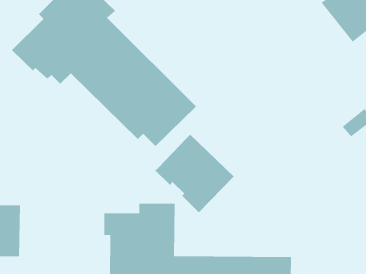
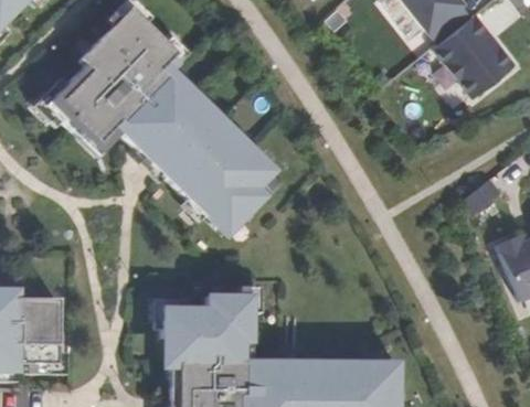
building: [154,134,235,213] -> none

